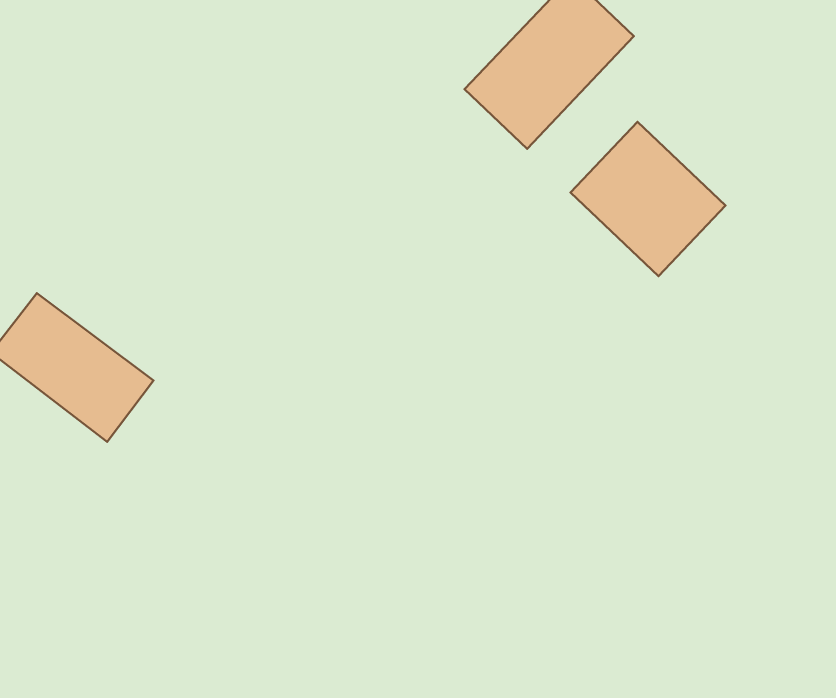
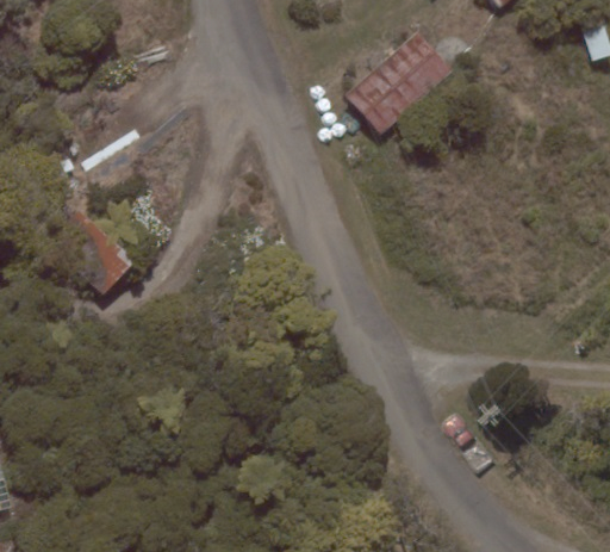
building: [570,122,725,276] -> none

